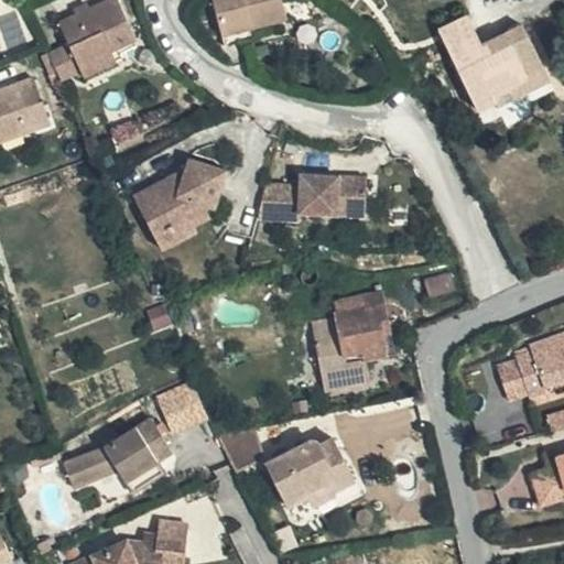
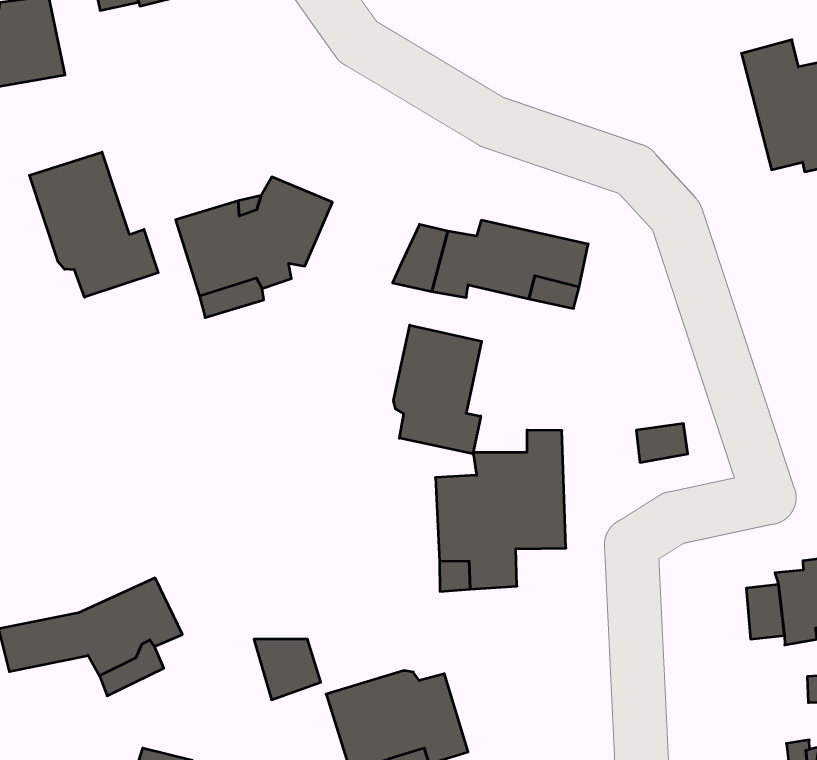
building: none -> [29,152,158,297]
building: none -> [394,325,482,454]
building: [158,372,207,425] -> none

